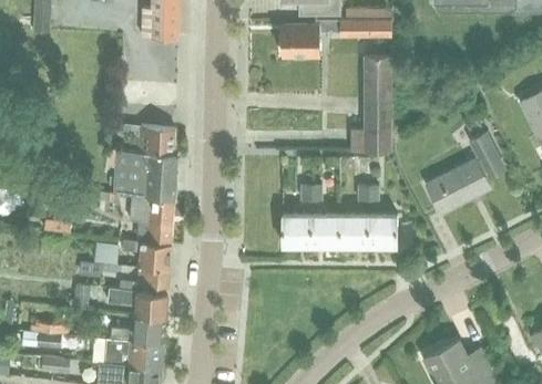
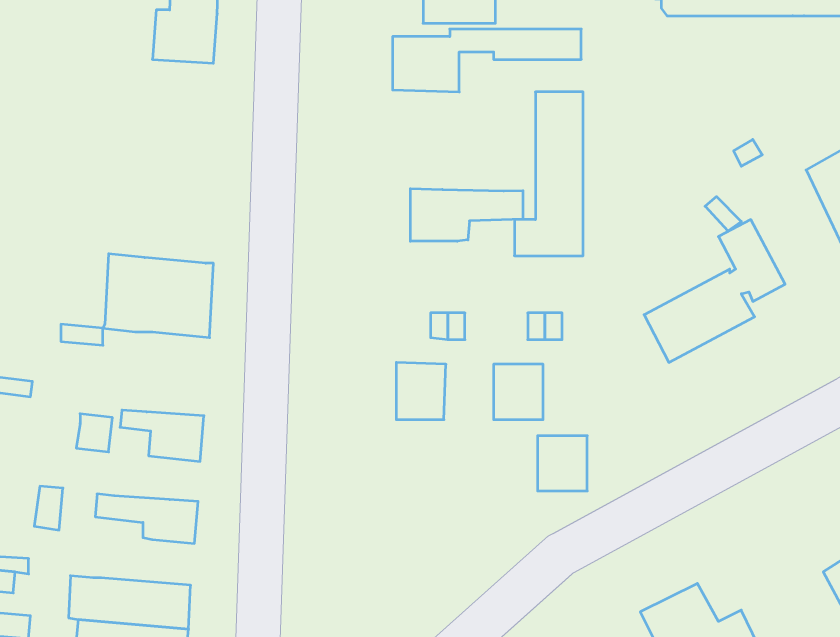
building: none -> [410,189,523,241]
building: [116,125,174,156] -> none
building: [129,196,174,245] -> none
building: [310,215,339,247] -> none
building: [368,215,397,247] -> [538,436,587,491]
building: [119,268,168,294] -> none
building: [111,315,165,343] -> none

